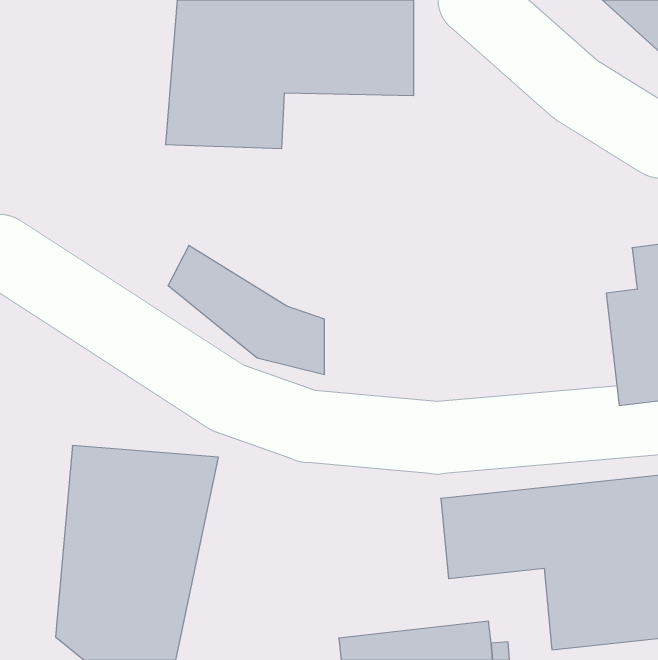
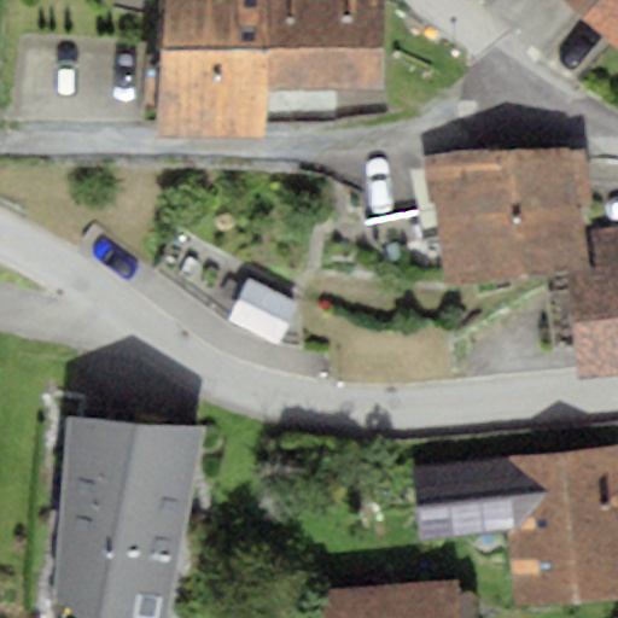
building: none -> [421,148,590,288]

